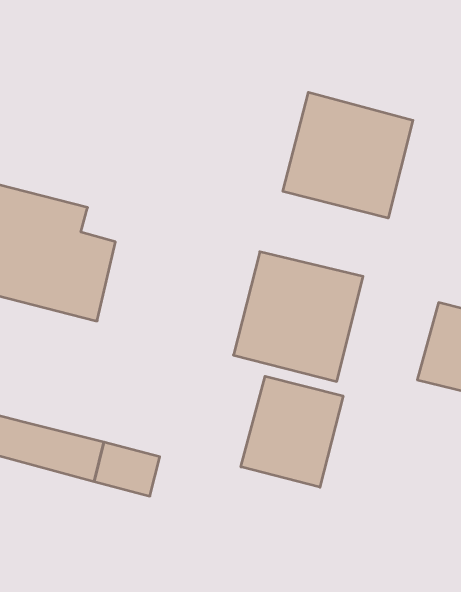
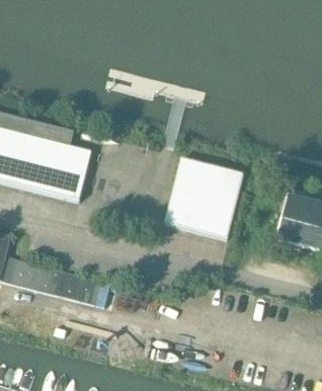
building: [283,92,413,218] -> none
building: [241,376,343,487] -> none

